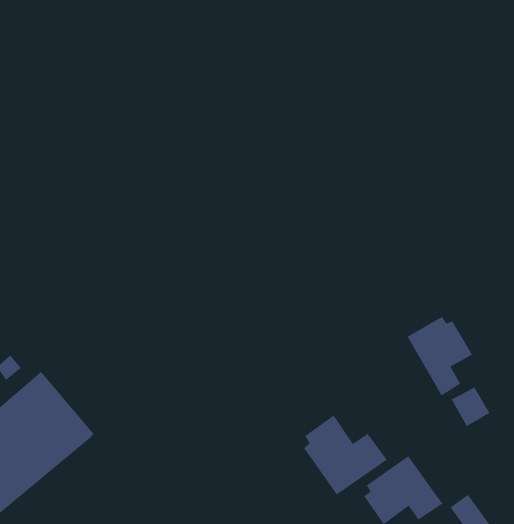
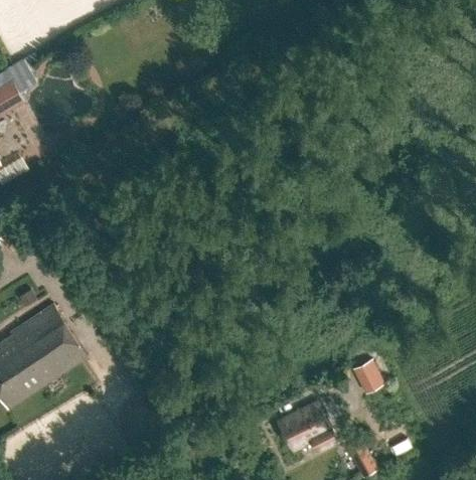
building: [407,316,473,396] -> none
building: [303,414,388,496] -> none

